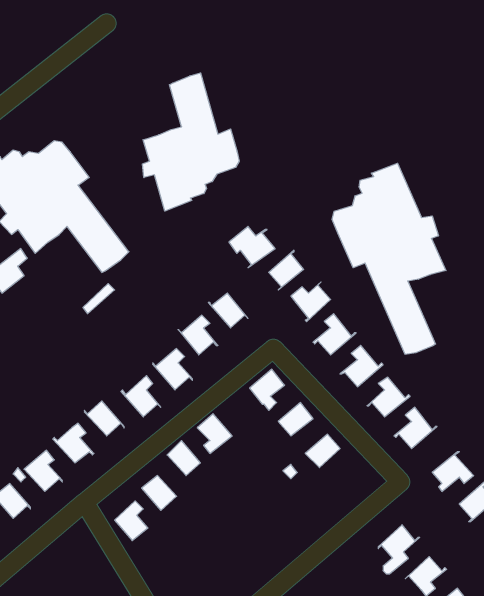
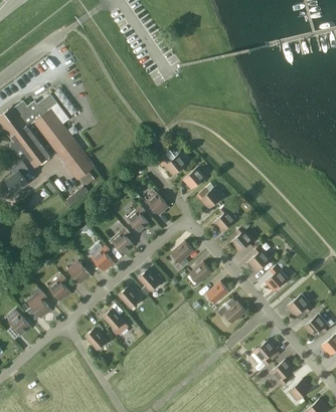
building: [142,73,239,211] -> none
building: [332,163,446,354] -> none
building: none -> [217,298,245,324]

